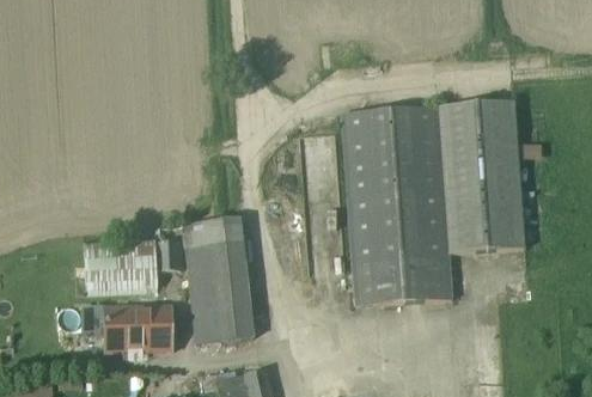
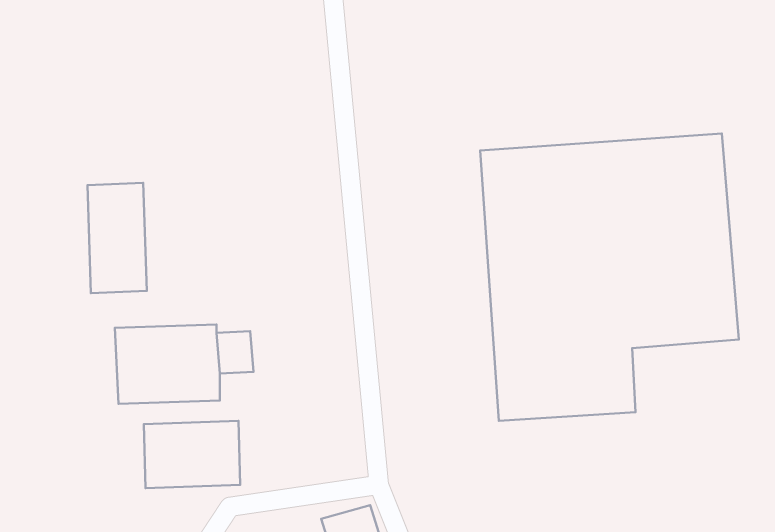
building: none -> [87,183,147,293]
building: [183,216,254,342] -> none

